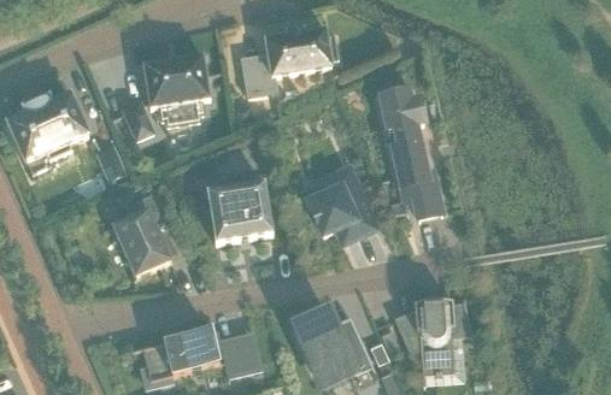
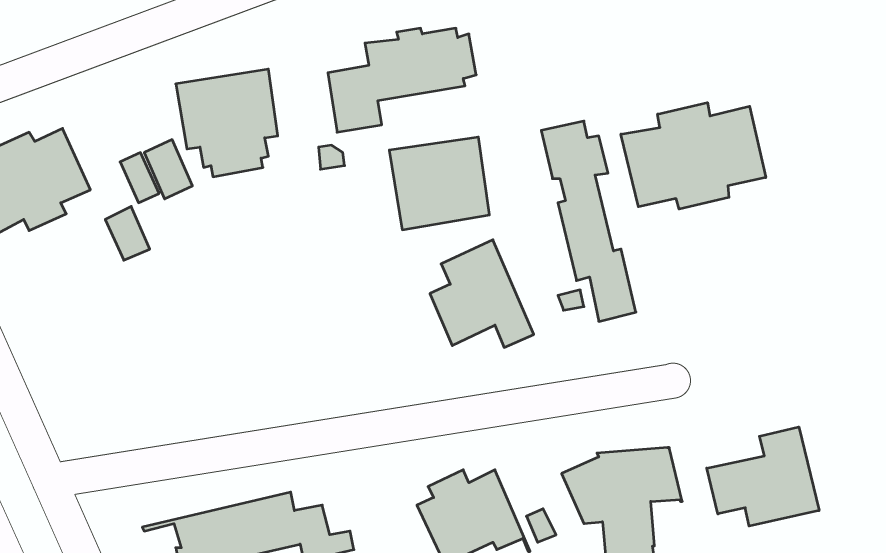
building: none -> [621,103,766,209]
building: [206,182,271,242] -> [389,137,489,230]
building: [113,191,169,273] -> none
building: none -> [707,427,819,526]

